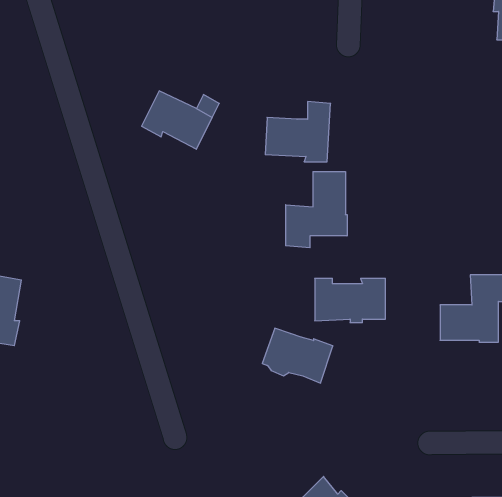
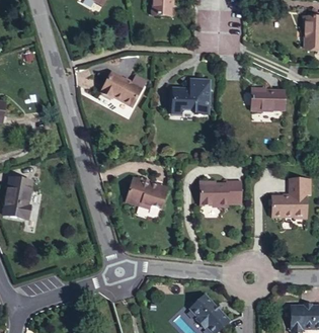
building: none -> [250,90,284,111]
building: [286,172,347,248] -> none
building: [262,328,333,383] -> [127,178,167,210]

